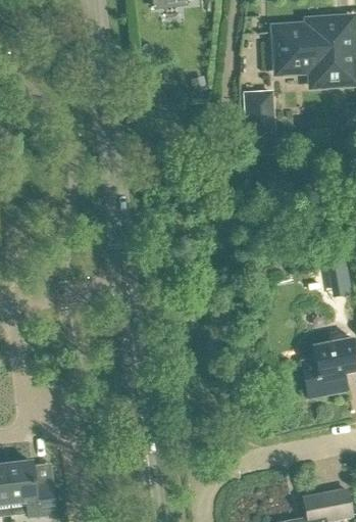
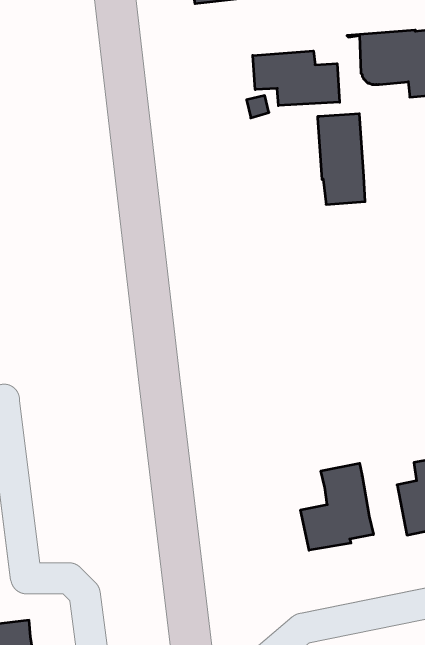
building: none -> [253,51,340,106]
building: none -> [301,463,373,550]

